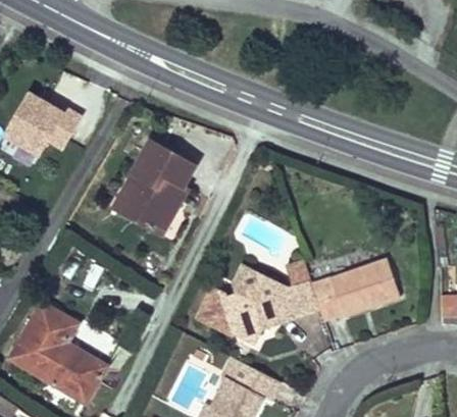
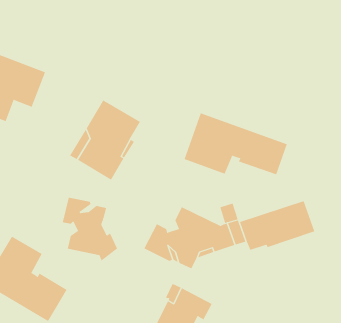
building: none -> [184,112,288,175]
building: none -> [62,197,118,261]

